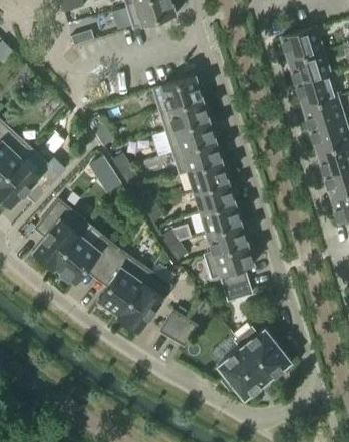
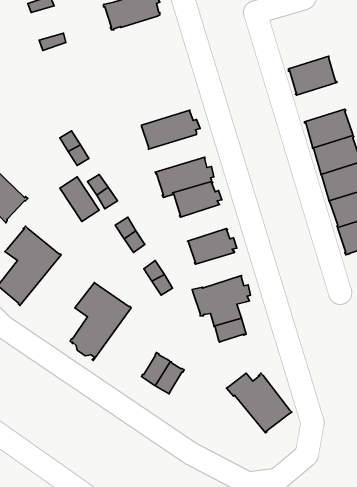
building: [280,27,323,62] -> none
building: [295,74,337,108] -> none
building: [152,76,204,111] -> none
building: [165,119,217,152] -> none
building: [194,180,236,212] -> none
building: [207,223,249,254] -> none
building: [53,225,118,284] -> none
building: [117,271,171,332] -> none
building: [217,347,268,399] -> none

